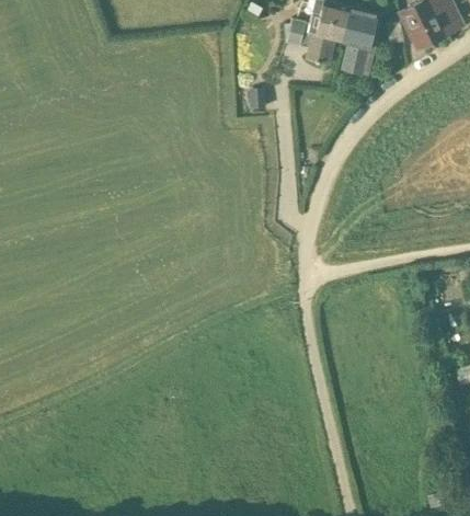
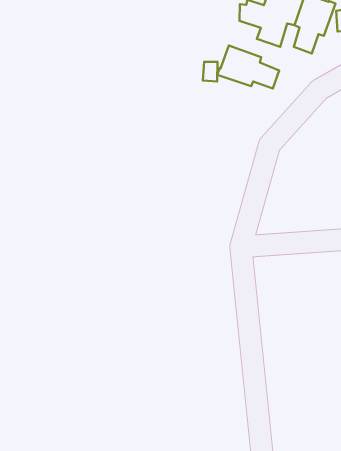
building: none -> [217,46,279,89]

